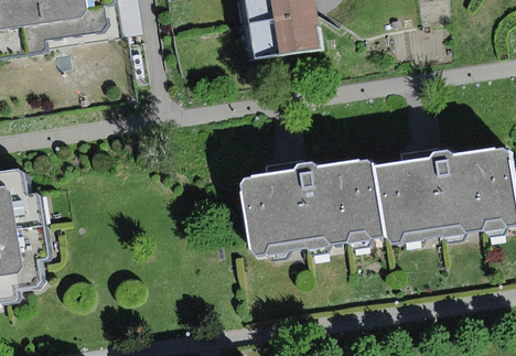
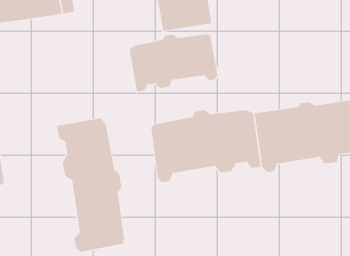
building: none -> [129,33,218,93]
building: none -> [56,117,125,252]

